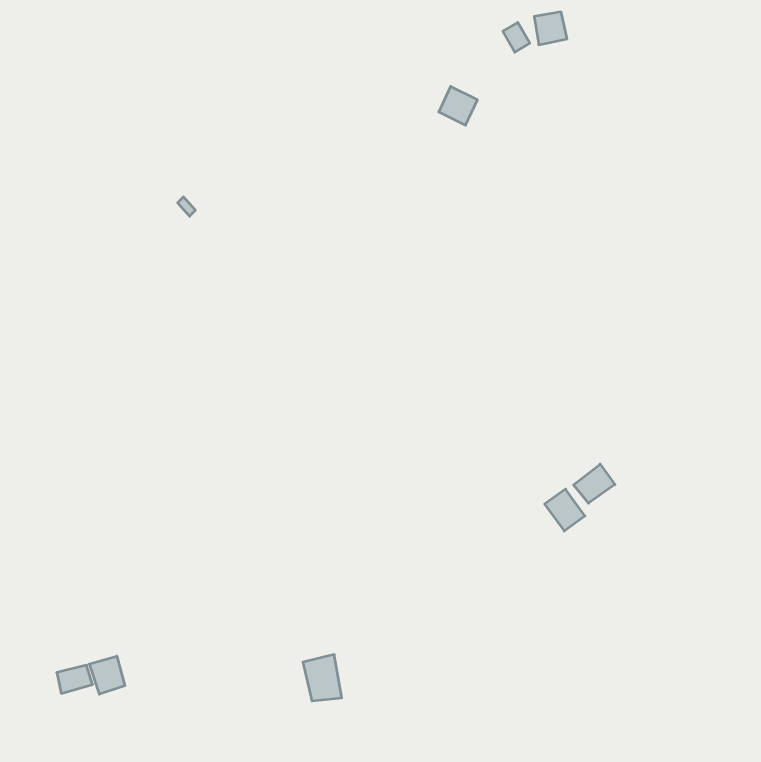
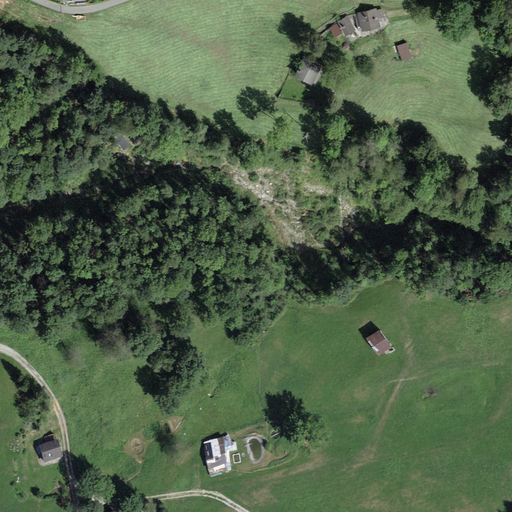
building: [574,464,615,503] -> none
building: [89,656,125,694] -> none

